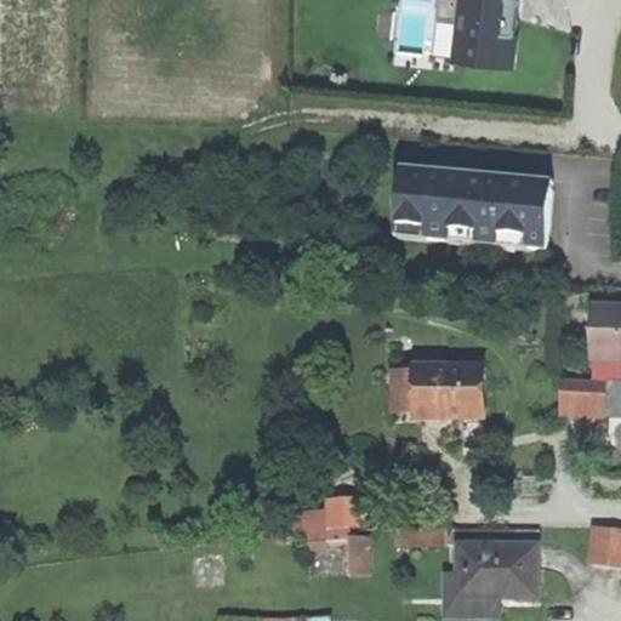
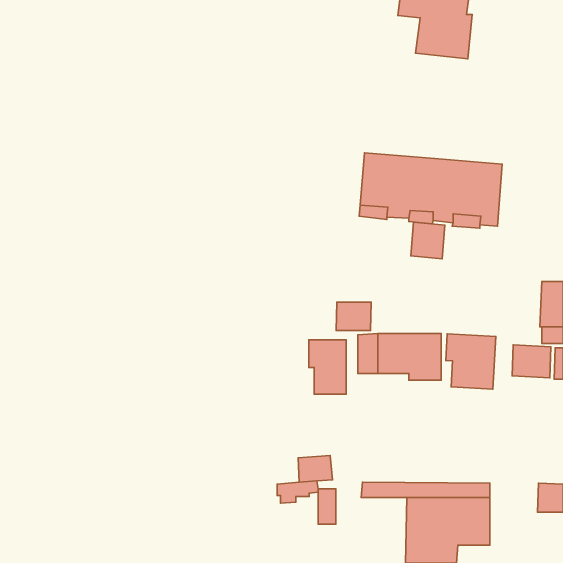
building: none -> [411,222,445,259]
building: none -> [336,302,371,331]
building: none -> [446,334,496,389]
building: none -> [309,340,346,394]

